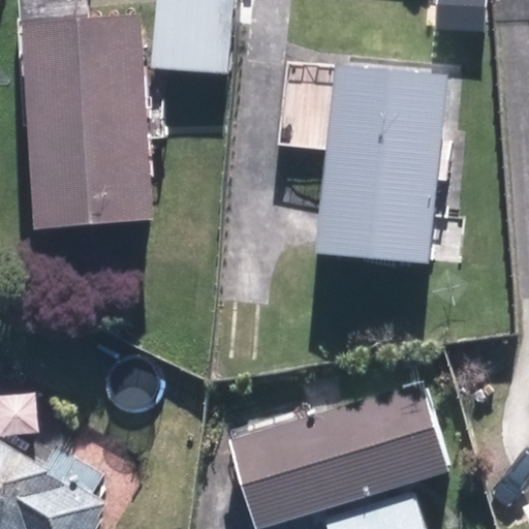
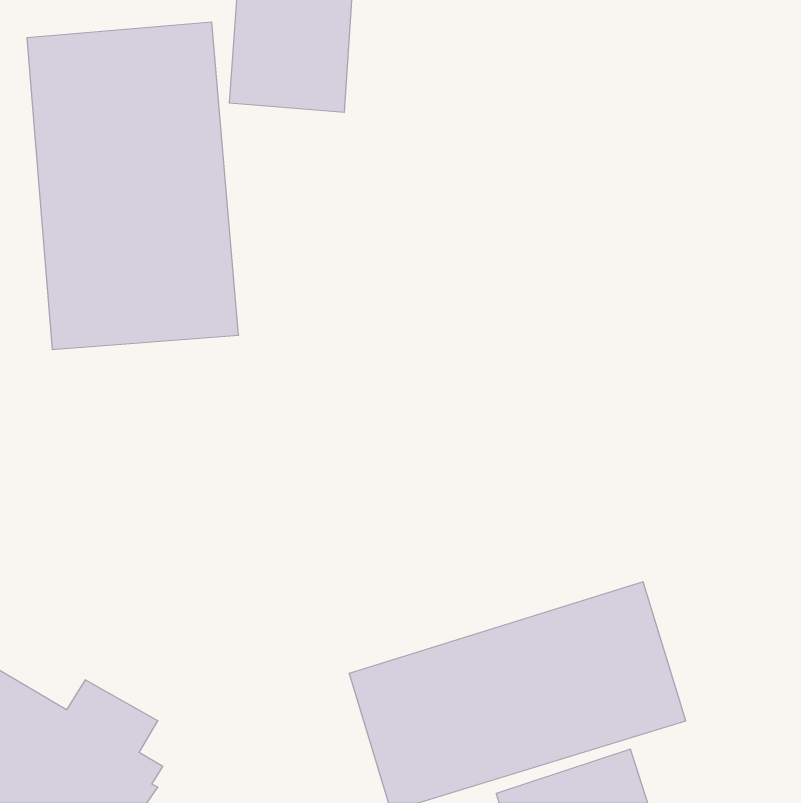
building: [318,63,445,264] -> none

